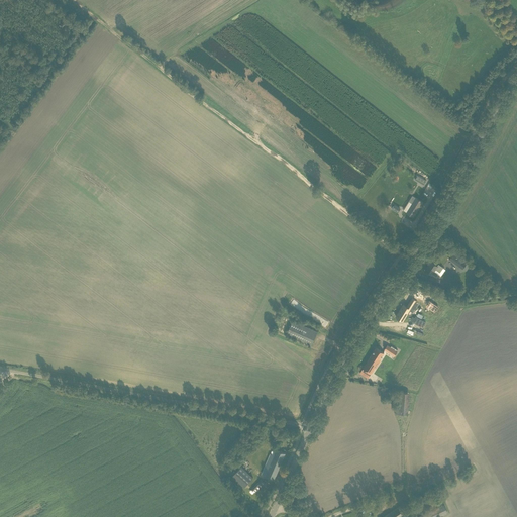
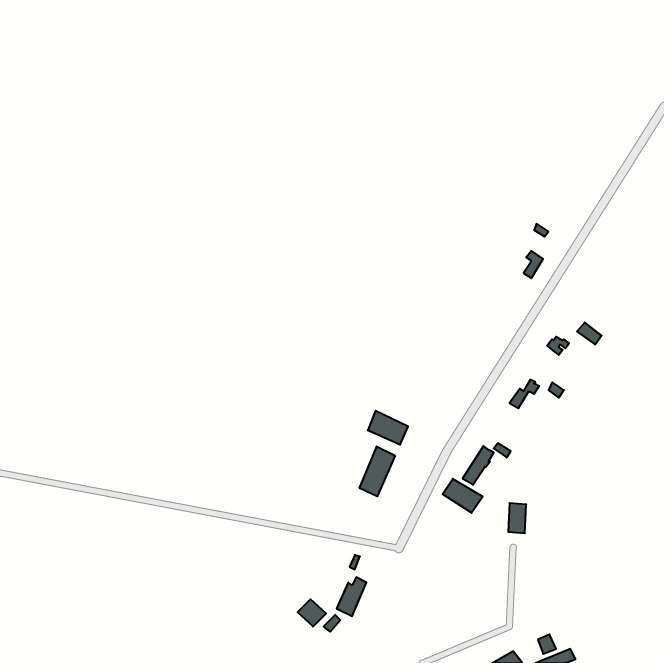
building: none -> [360,446,395,496]
building: none -> [443,479,483,513]

